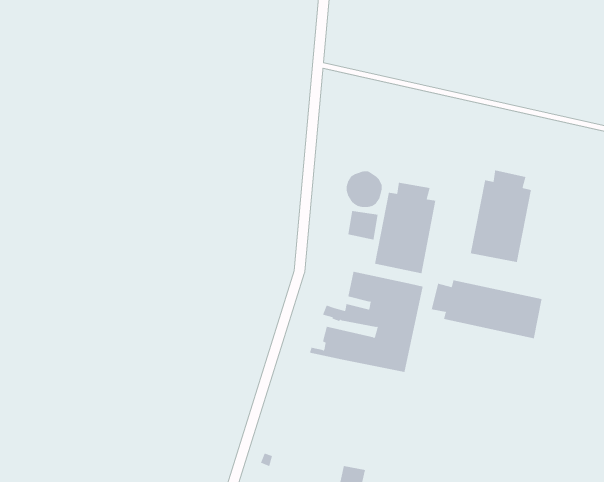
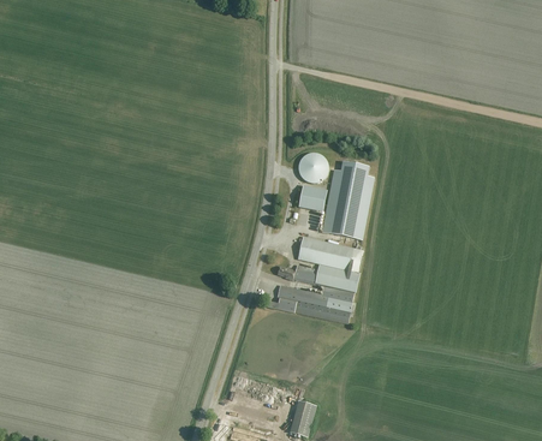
building: [470,170,531,263] -> none
building: [431,279,542,339] -> none

